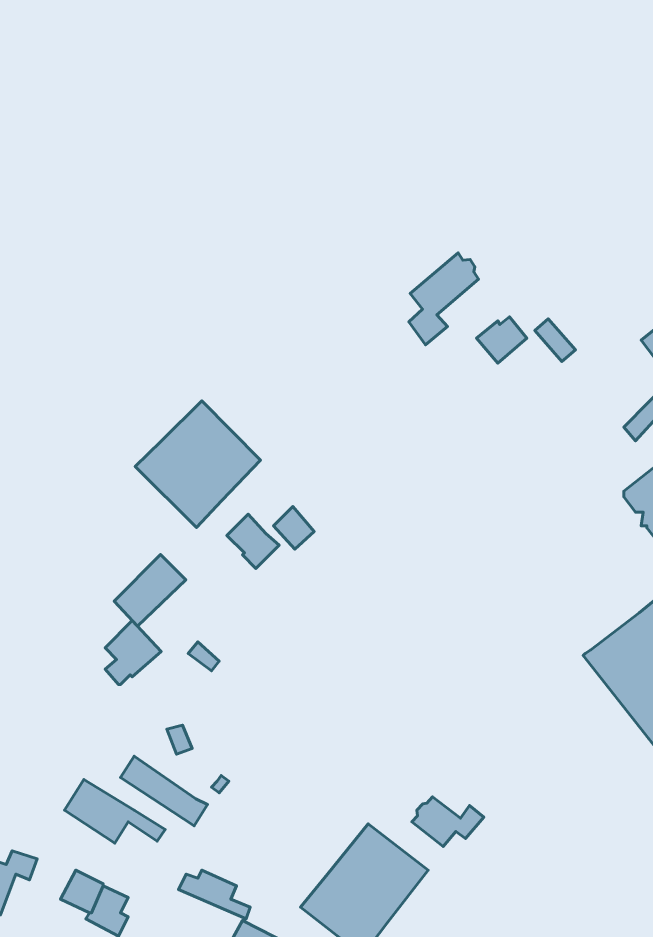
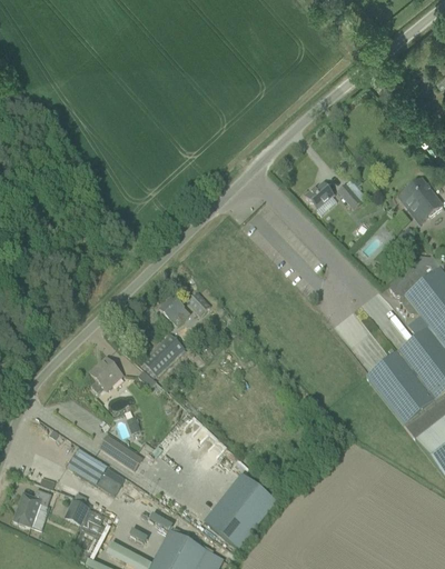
building: [409,253,479,345] -> none
building: [135,401,261,528] -> none
building: [114,555,186,626] -> [144,333,185,375]
building: [412,797,484,847] -> none

